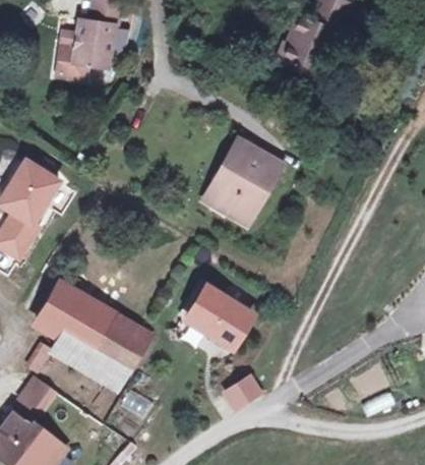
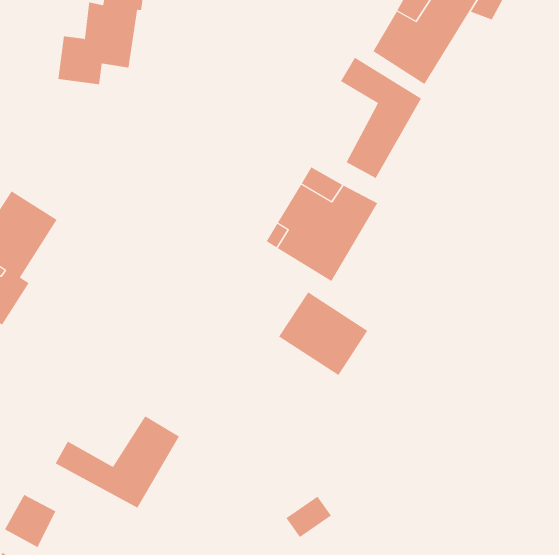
building: none -> [340,57,422,179]
building: [37,283,119,354] -> none
building: [188,289,253,350] -> [278,292,368,376]

